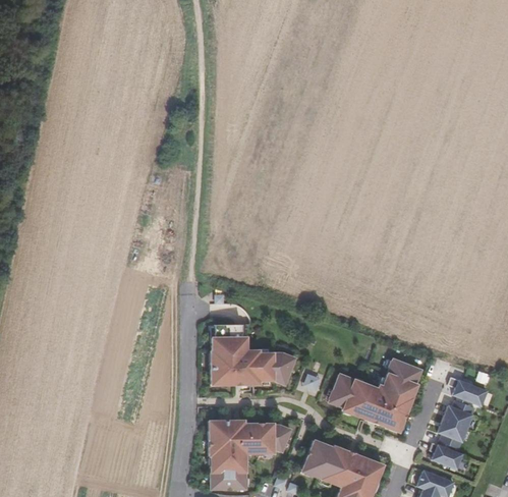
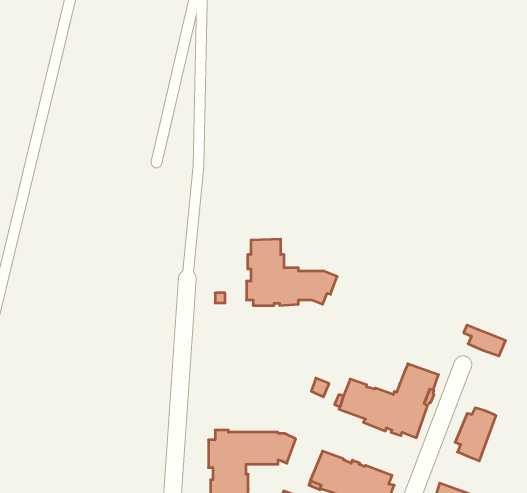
building: [212,324,295,385] -> [246,239,337,305]
building: [448,378,487,406] -> [464,325,506,356]
building: [430,443,461,470] -> none

